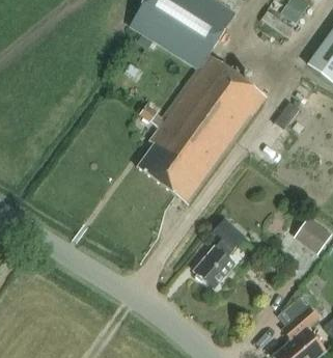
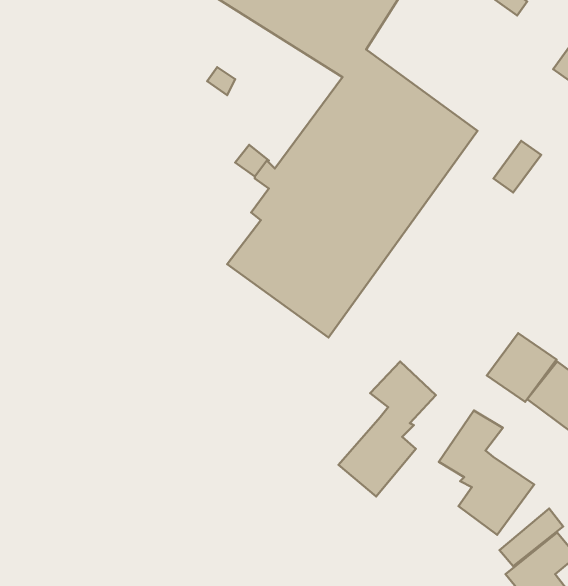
building: none -> [487,333,556,402]
building: none -> [439,410,534,535]

